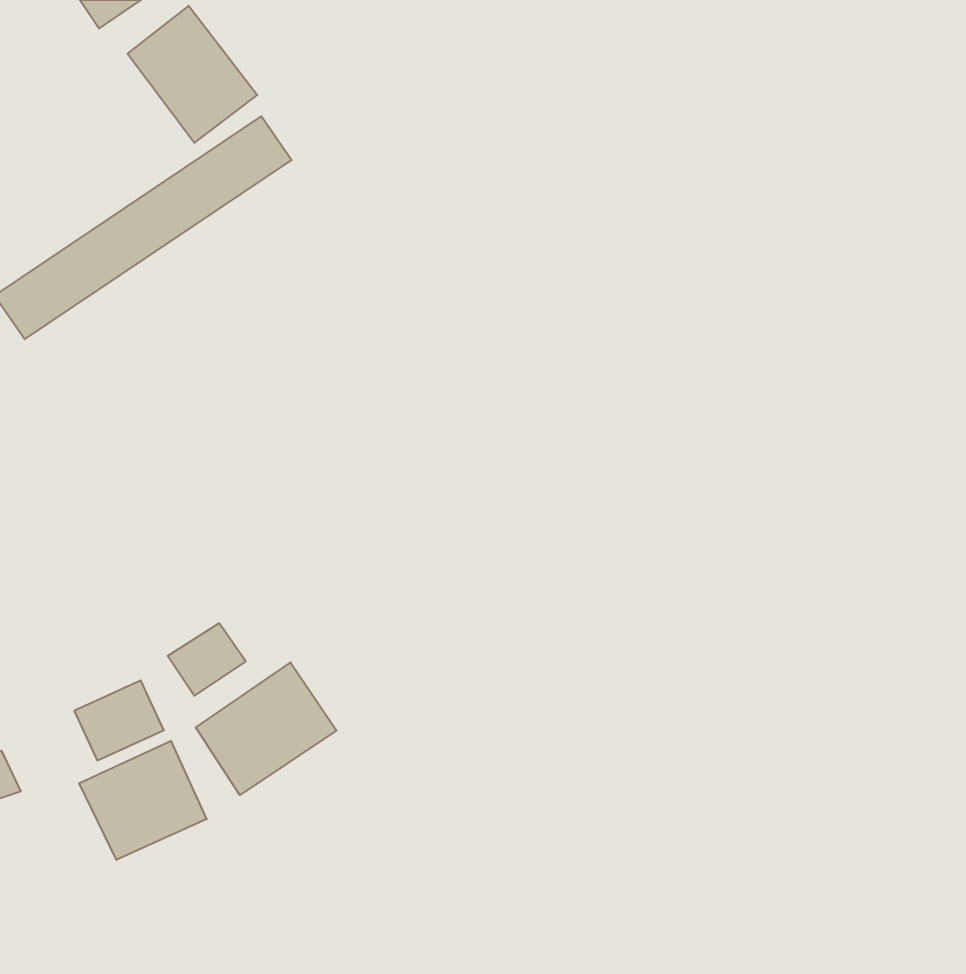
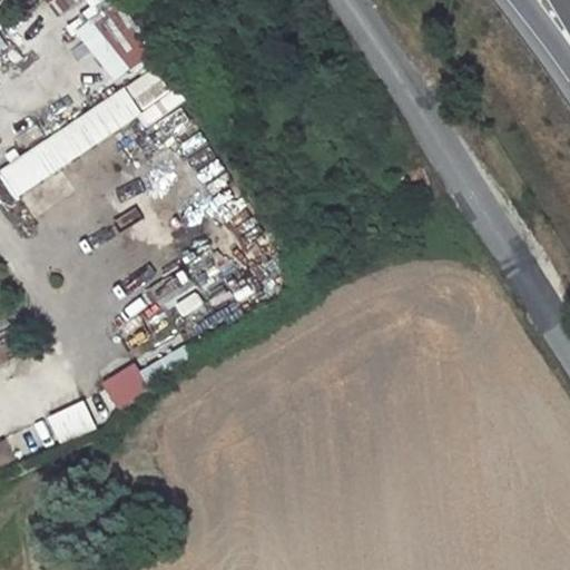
building: [196,662,337,795] -> none
building: [79,741,207,860] -> none

